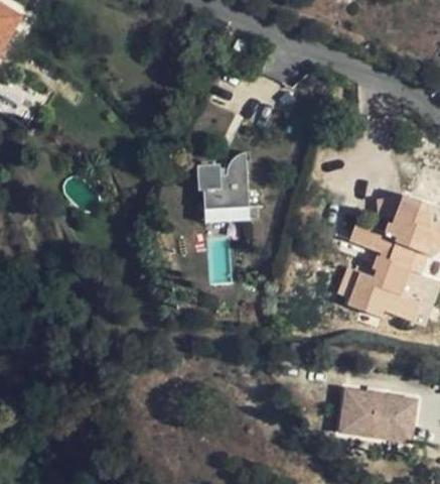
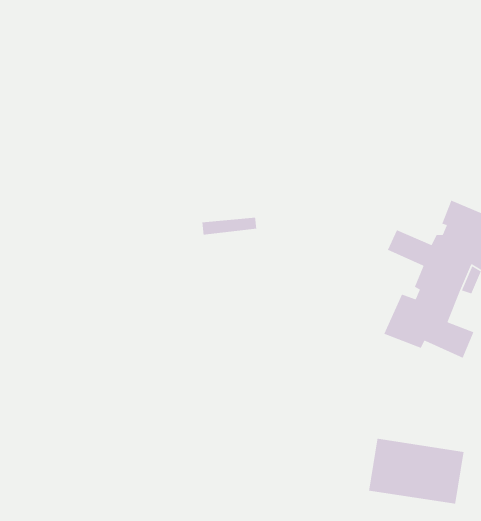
building: [197,156,250,209] -> none

